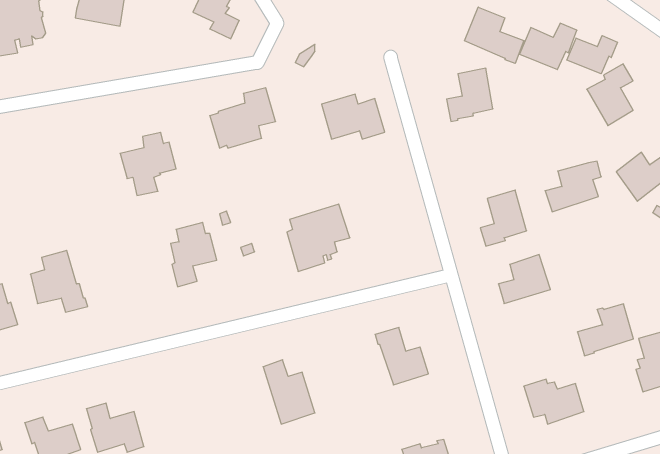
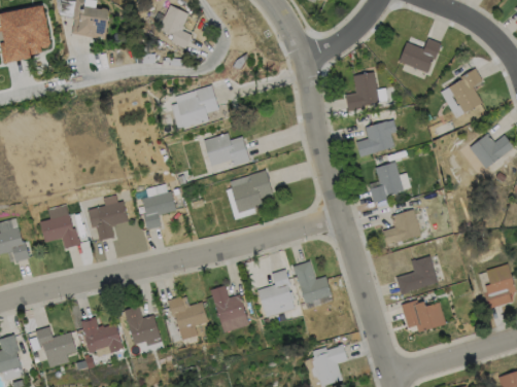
building: [465,7,524,63] -> none
building: [567,36,618,74] -> none
building: [322,94,385,139] -> [204,134,250,167]
building: [120,132,176,195] -> [87,196,128,242]
building: [545,161,601,212] -> [355,119,397,156]
building: [577,304,633,356] -> [397,256,438,294]
building: none -> [257,270,295,317]
building: none -> [167,296,208,340]
building: none -> [124,306,160,345]

